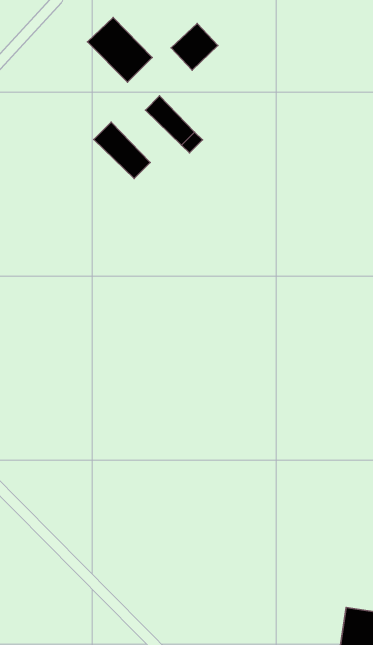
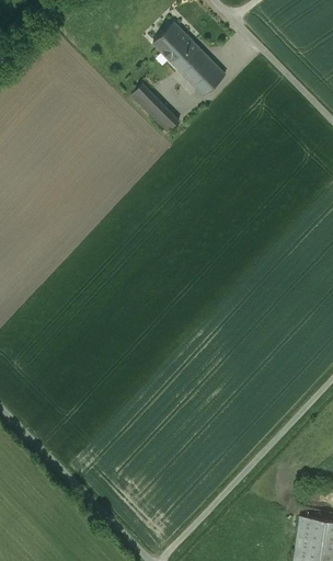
building: [87,17,152,82] -> [170,41,225,95]
building: [94,122,150,178] -> none

